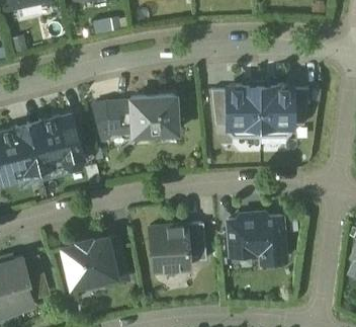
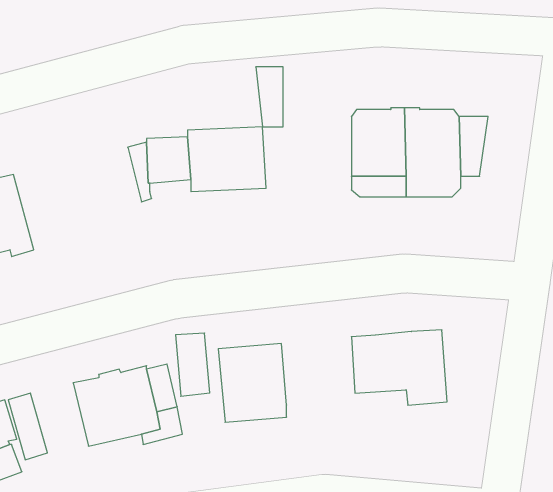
building: [211,90,228,126] -> [256,67,283,127]
building: [27,115,83,169] -> none
building: [186,224,206,261] -> [176,333,210,396]

